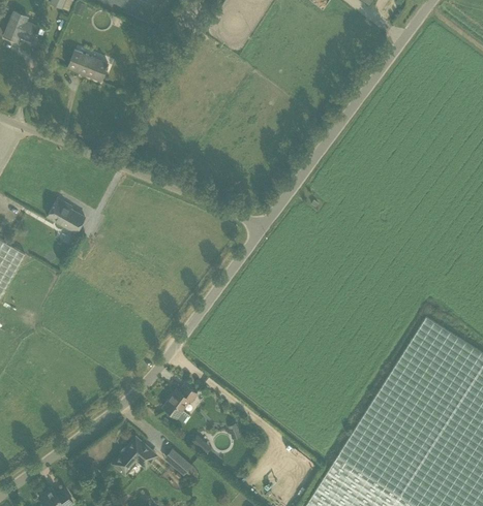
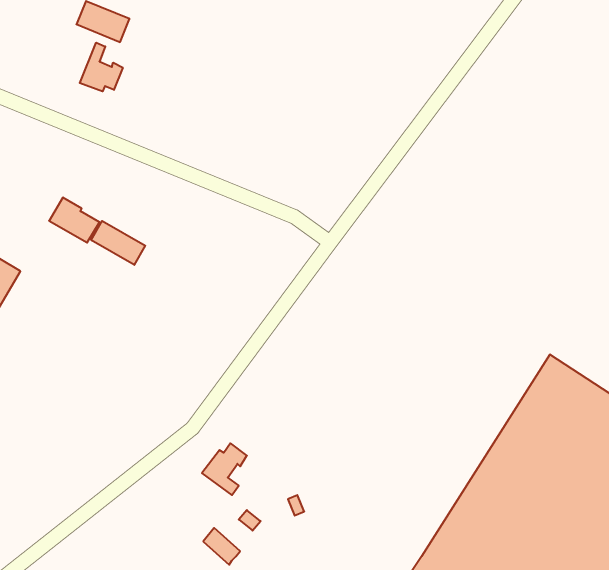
building: none -> [80,43,123,91]
building: none -> [91,221,145,265]
building: [114,437,155,472] -> none

